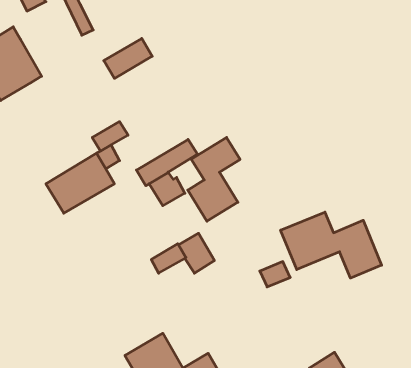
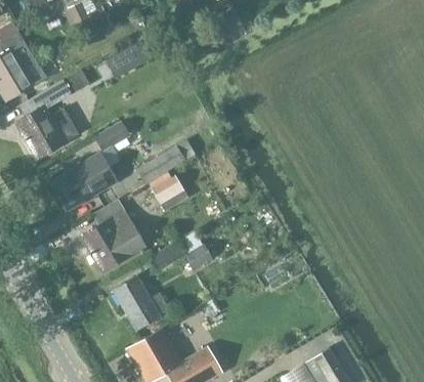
building: none -> [15,80,79,160]
building: [188,137,240,221] -> none
building: none -> [81,199,145,271]
building: [281,212,382,278] -> none
building: none -> [112,277,170,331]

